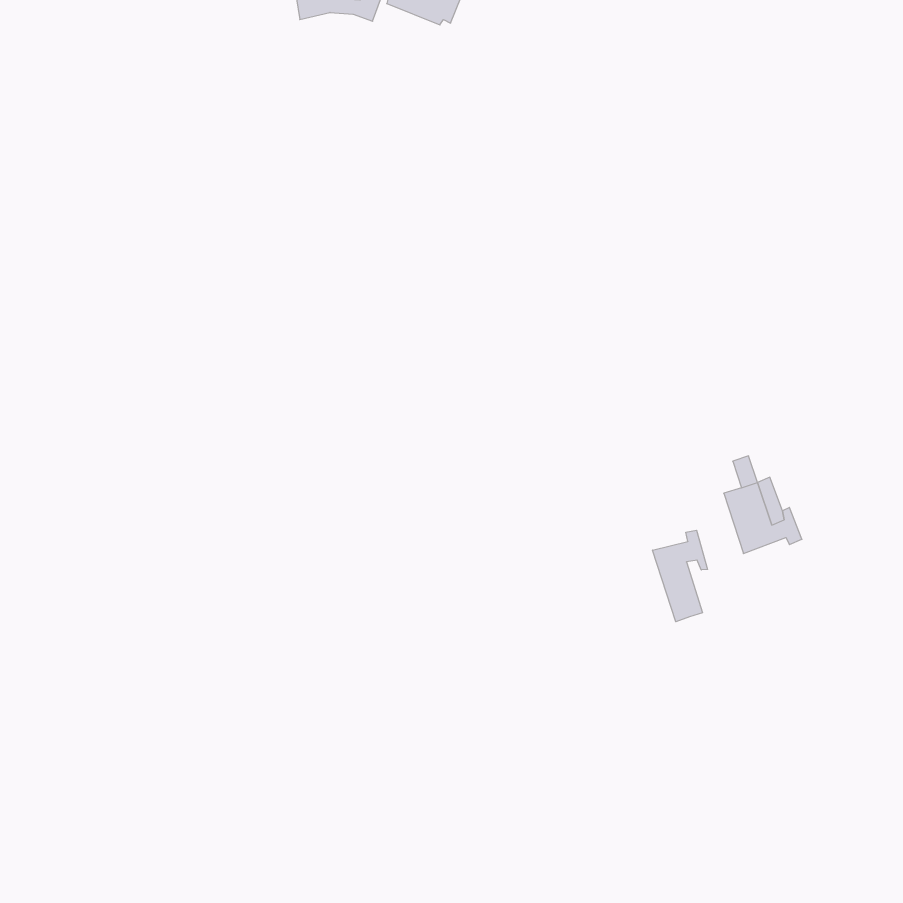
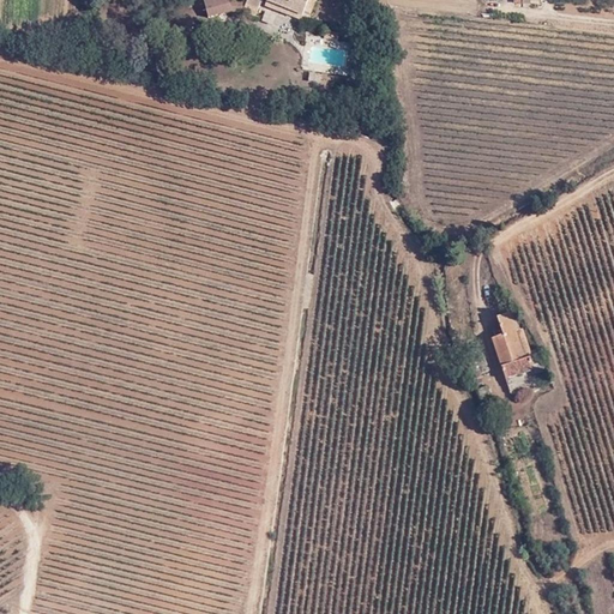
building: [653,530,708,622] -> none

